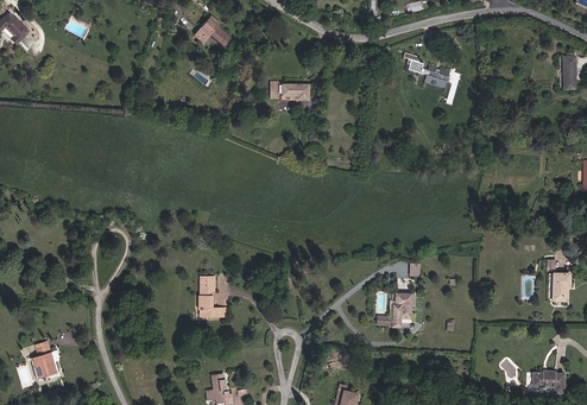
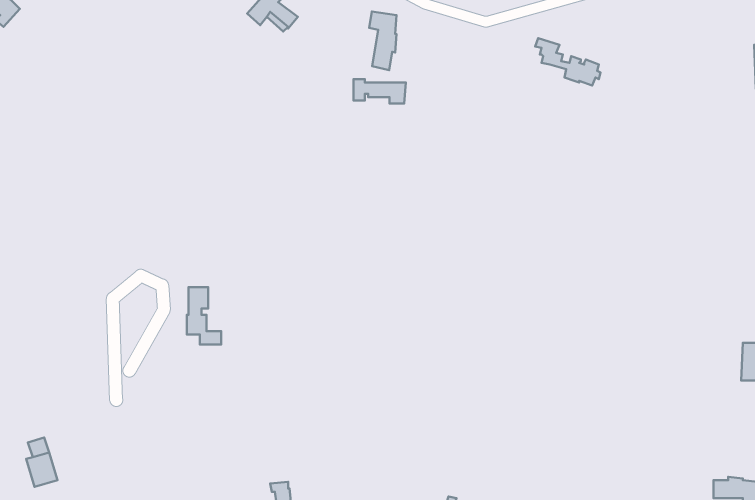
building: none -> [369,12,397,70]
building: [198,276,223,317] -> [187,287,221,344]
building: [377,293,412,327] -> none

